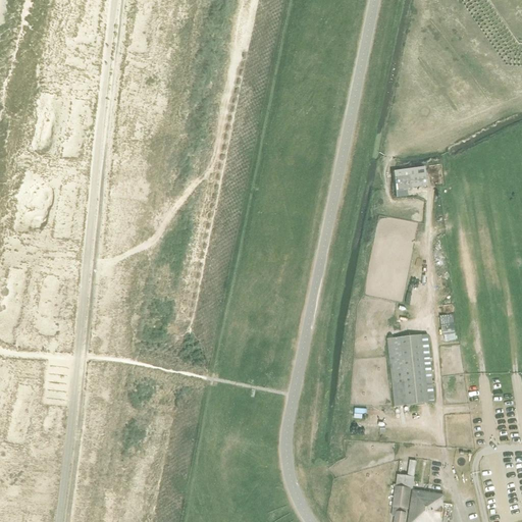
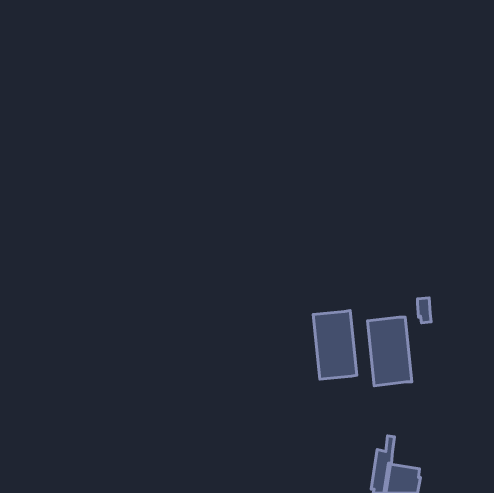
building: [393,165,426,190] -> none
building: none -> [313,310,357,379]

